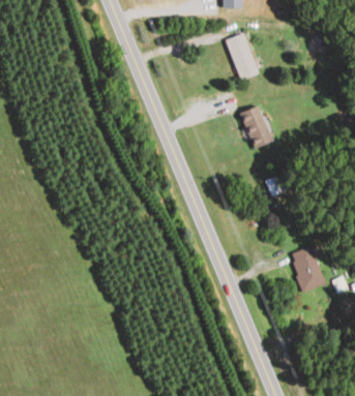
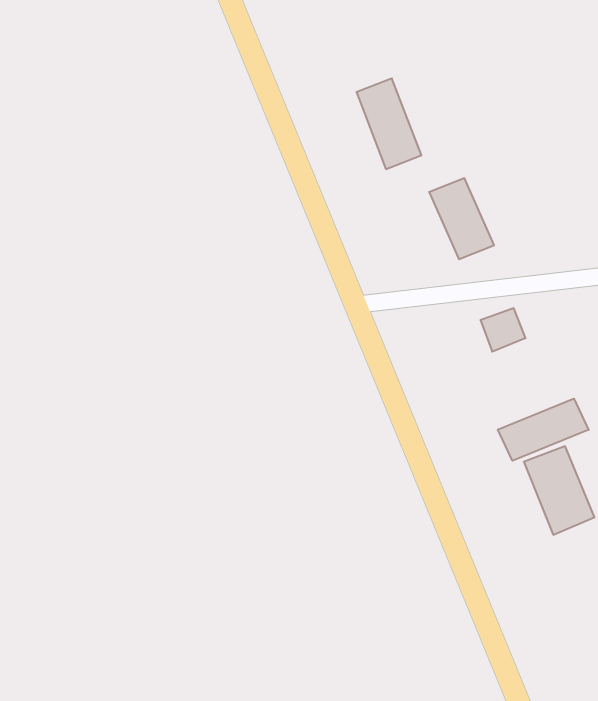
building: [226,33,260,81] -> [356,78,421,169]
building: none -> [498,399,589,461]

